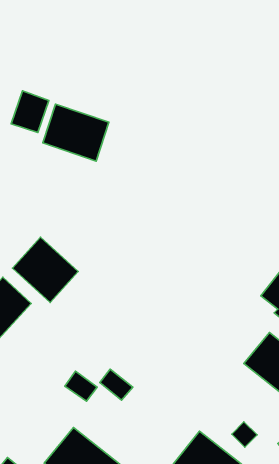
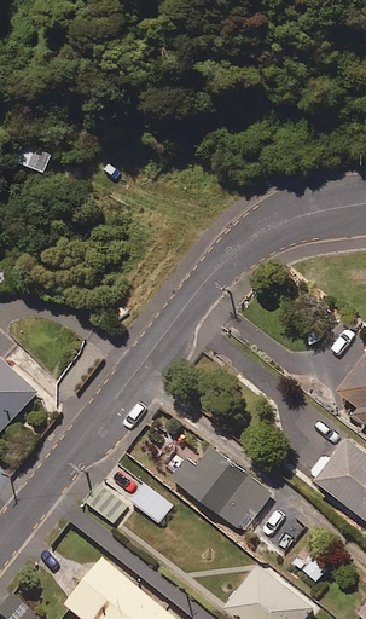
building: [43,104,109,161] -> none
building: [13,237,78,303] -> none
building: none -> [180,445,266,528]

